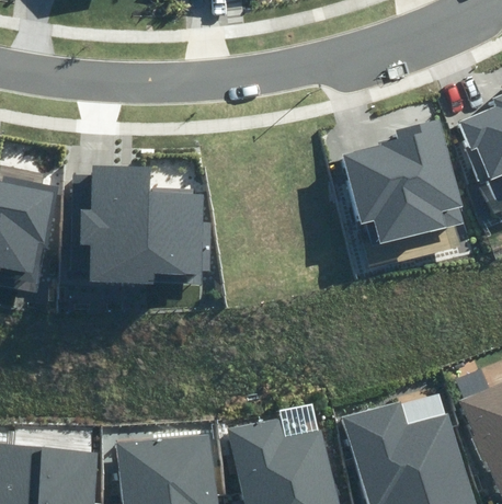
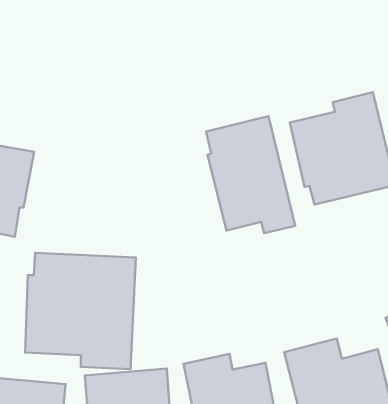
building: none -> [206,116,295,233]
building: [71,165,214,286] -> none
building: none -> [25,253,136,369]

